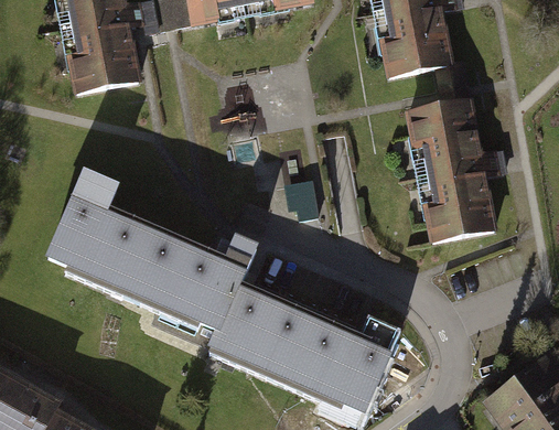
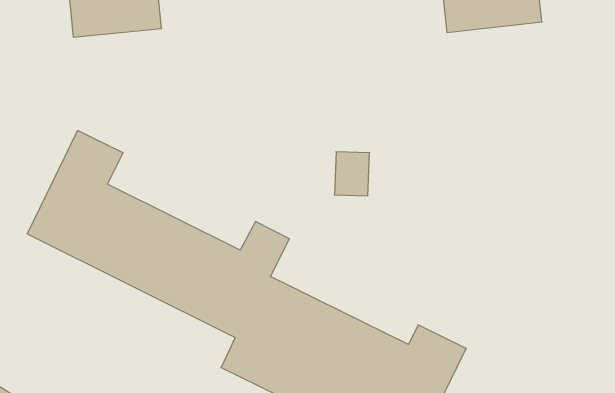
building: [398,93,498,243] -> none

